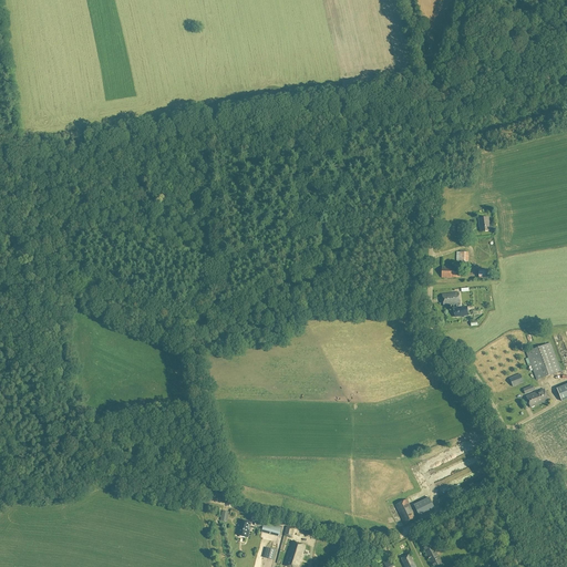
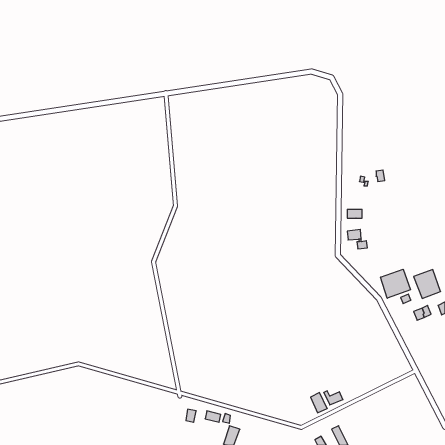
building: none -> [381,269,411,298]

